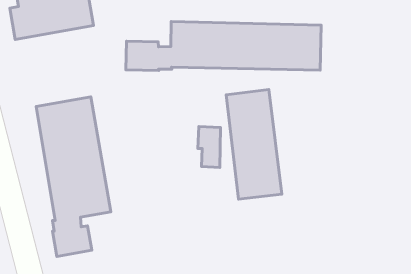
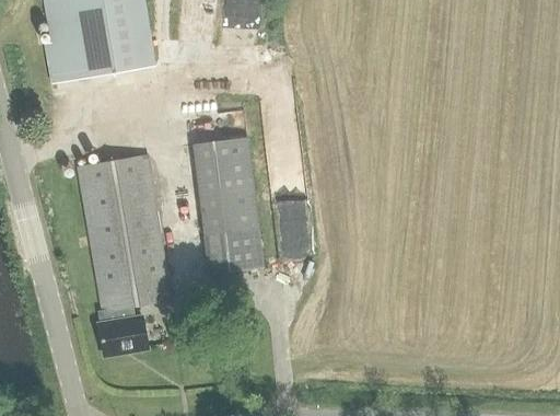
building: [126,22,321,70] -> none
building: [226,90,282,199] -> [194,137,264,275]

